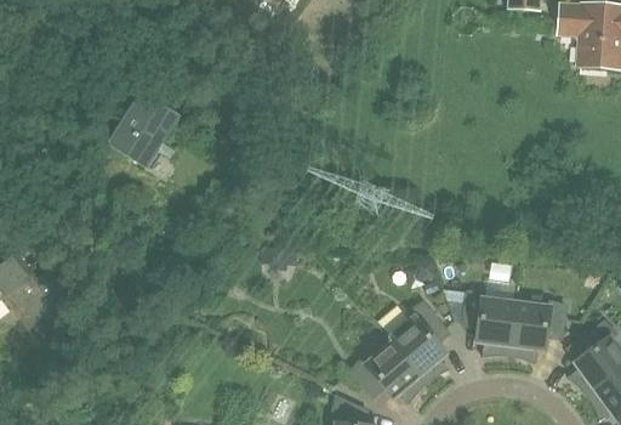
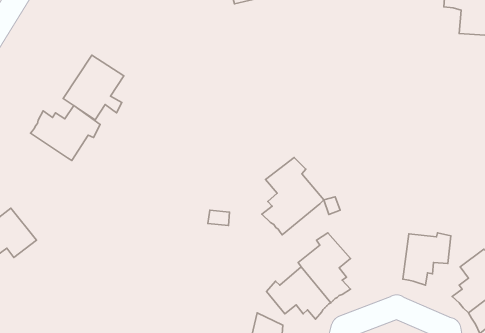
building: none -> [31,105,100,160]
building: none -> [262,158,324,235]
building: [463,290,517,355] -> none

